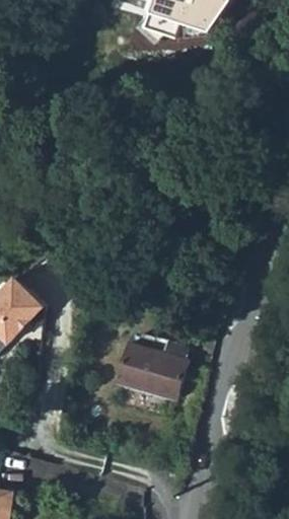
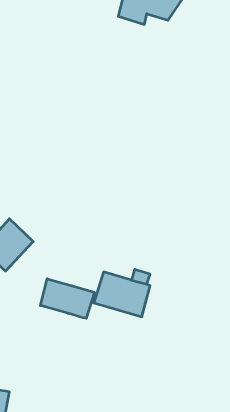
building: none -> [40,279,94,318]

